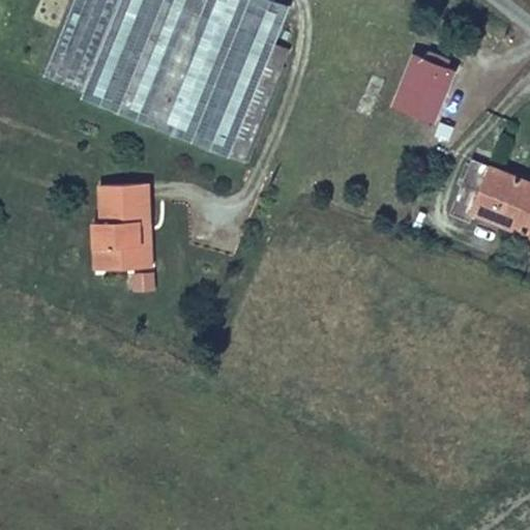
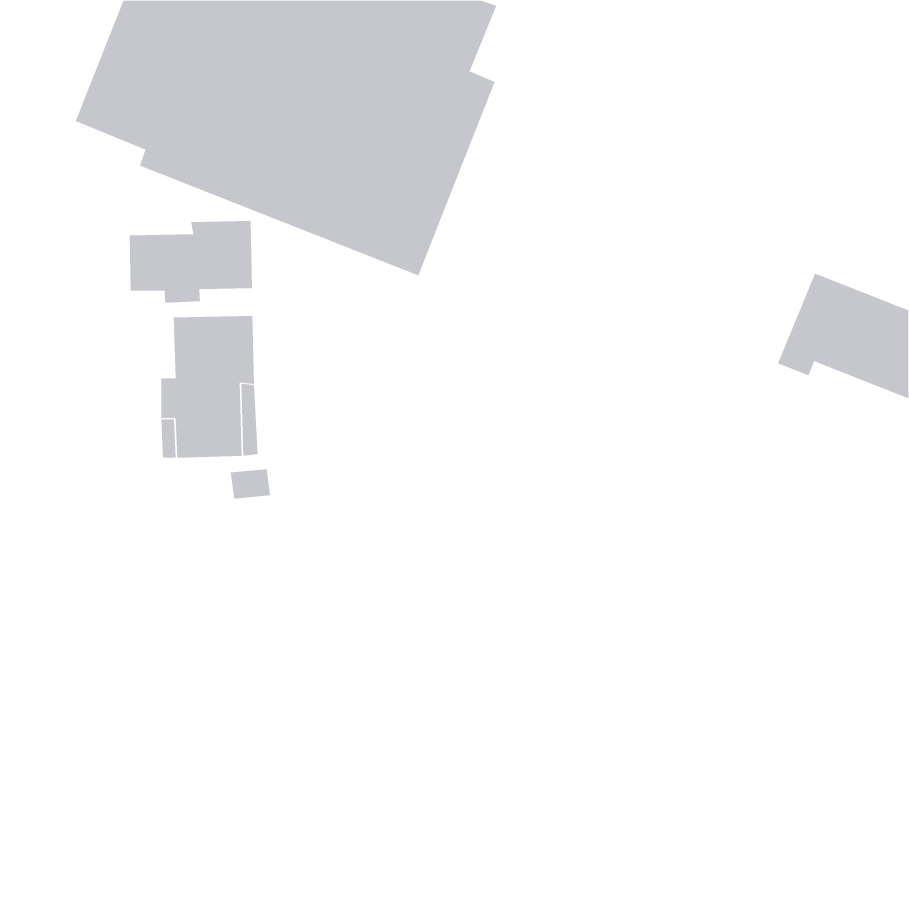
building: [394,51,452,119] -> none
building: none -> [129,220,253,304]

